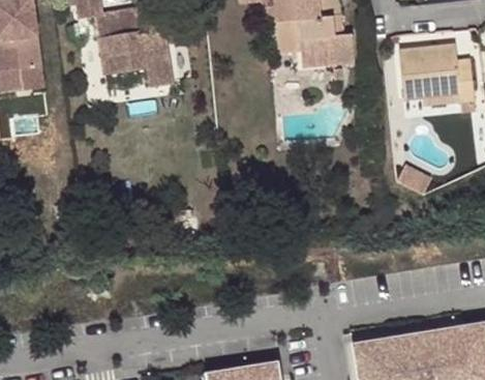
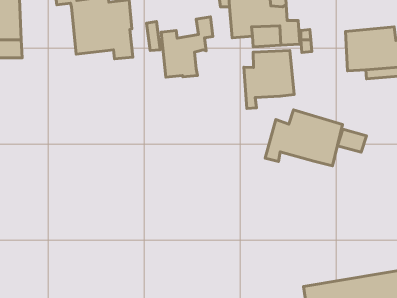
building: none -> [161,17,213,77]
building: none -> [244,50,294,109]
building: none -> [265,110,343,166]

